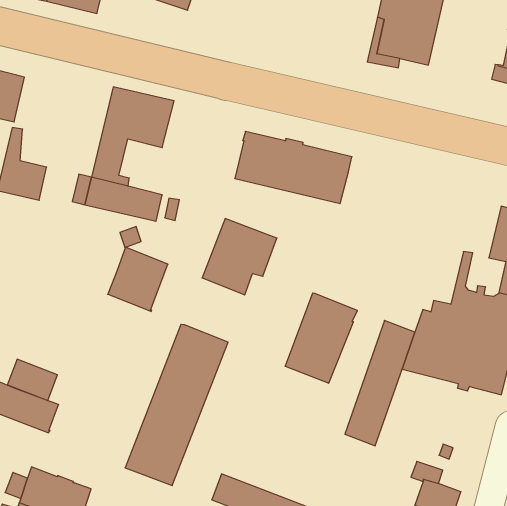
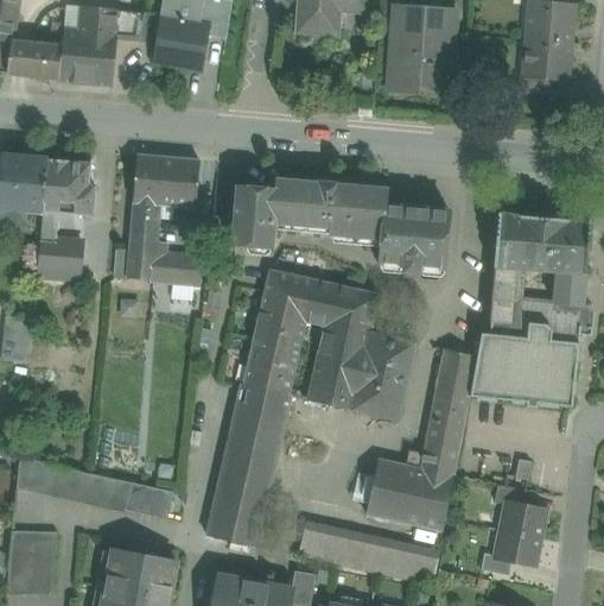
building: none -> [42,158,94,220]
building: none -> [231,185,275,246]
building: none -> [379,204,447,271]
building: none -> [488,213,542,322]
building: none -> [307,282,377,409]
building: [108,247,168,311] -> [243,333,299,393]
building: [7,359,57,401] -> [123,481,172,518]
building: none -> [364,459,452,530]

